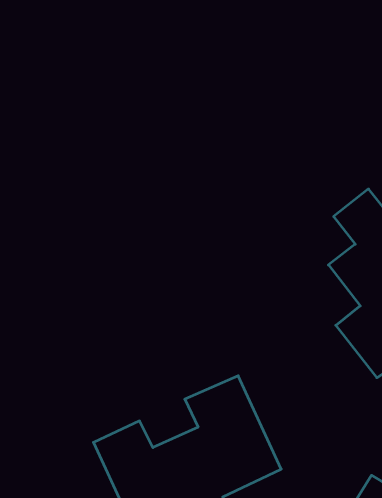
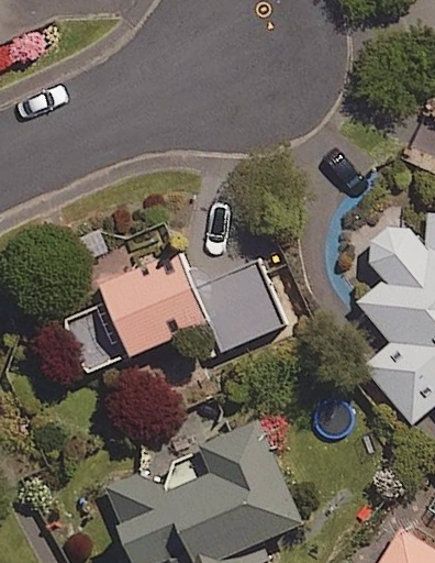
building: none -> [64,251,283,372]

